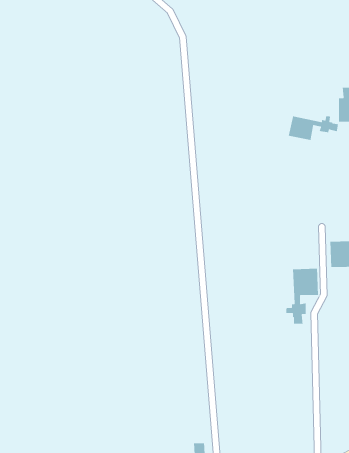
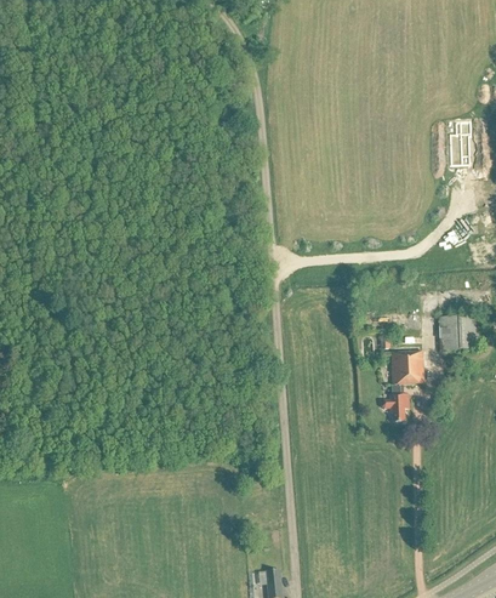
building: [288,115,339,141] -> none

